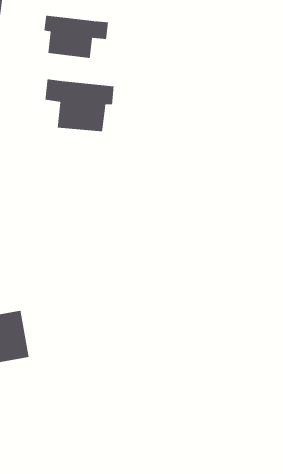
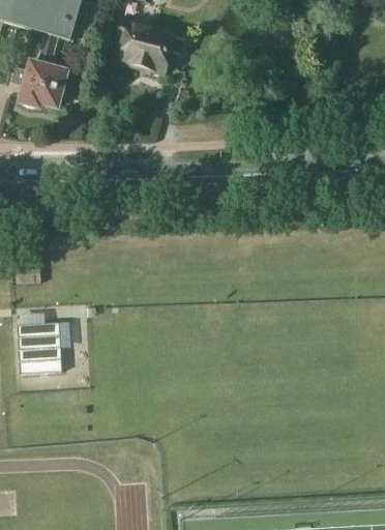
building: [45,78,114,132] -> none

